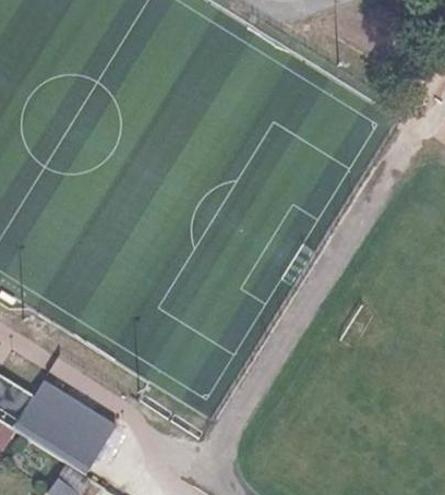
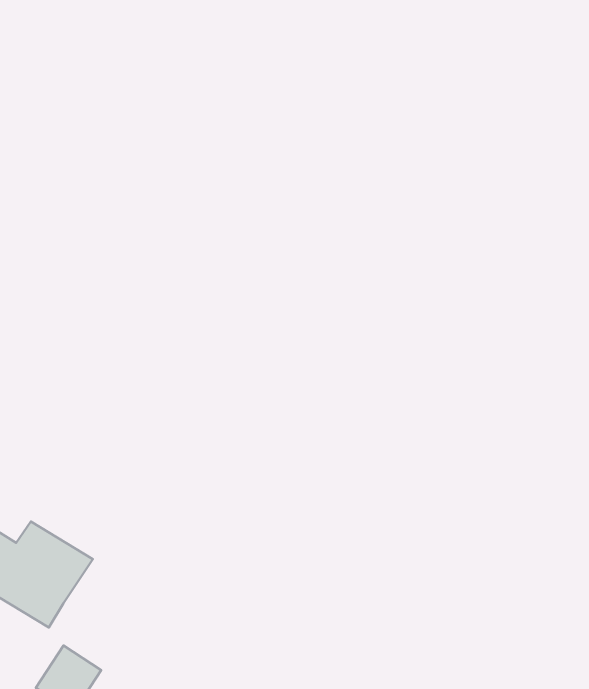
building: [53,406,115,473] -> none

